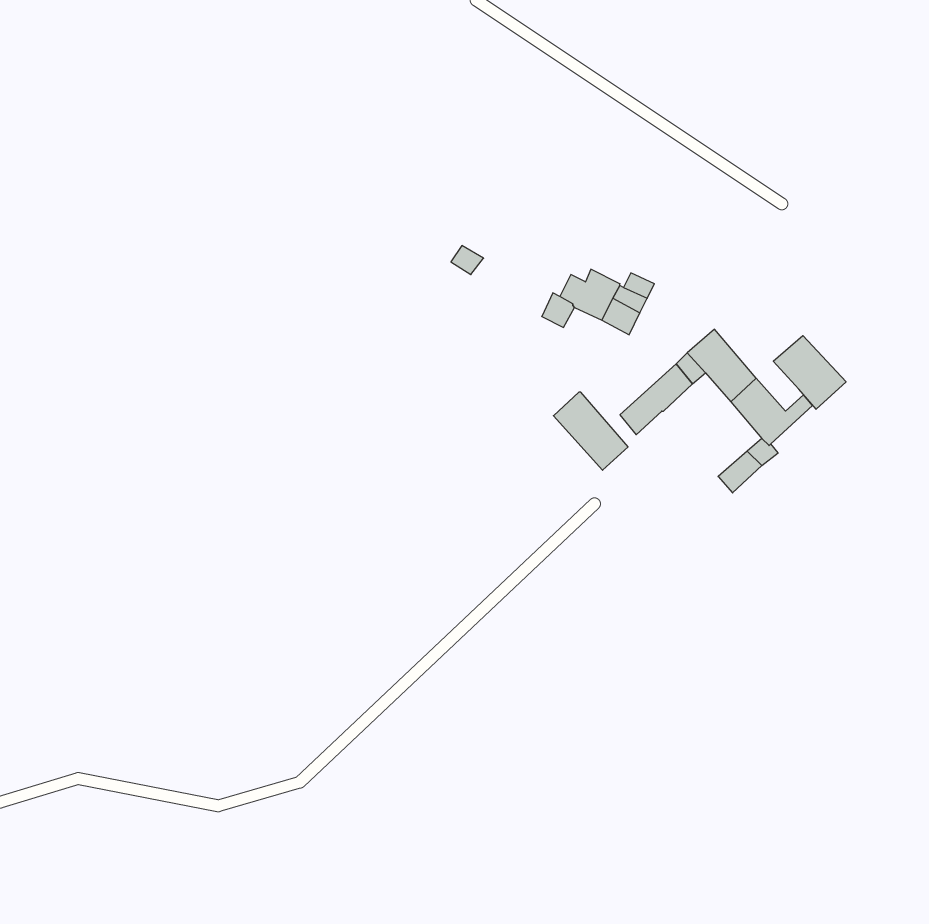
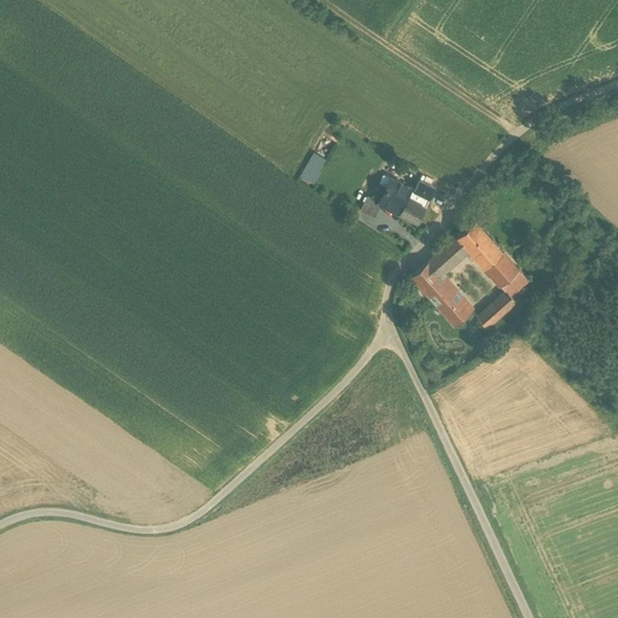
building: [773,336,846,409] -> none
building: [553,392,628,470] -> [422,276,472,328]

